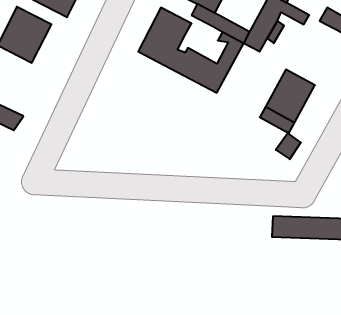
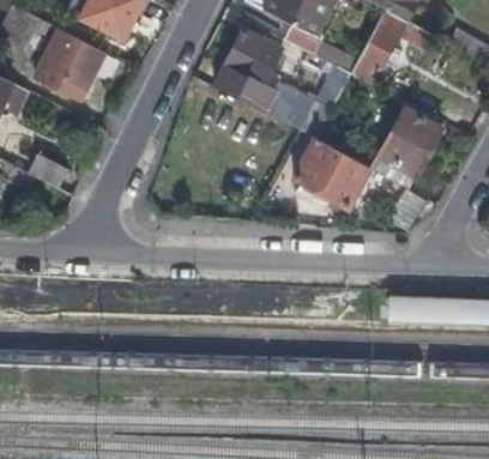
building: none -> [294,138,368,209]

